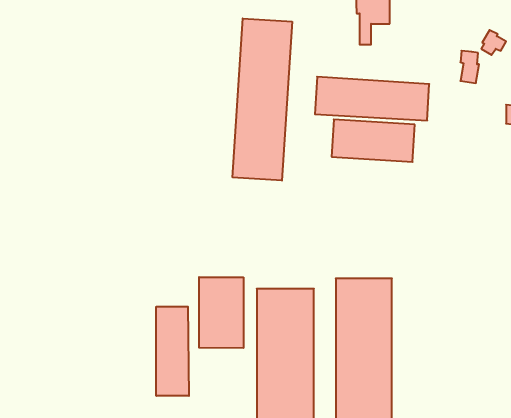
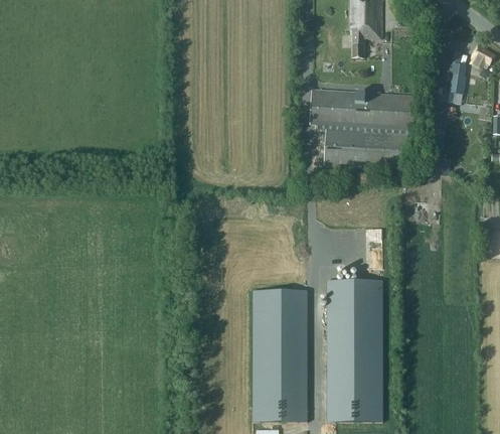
building: [233,18,292,181] -> none
building: [199,277,243,348] -> none
building: [156,307,189,396] -> none

